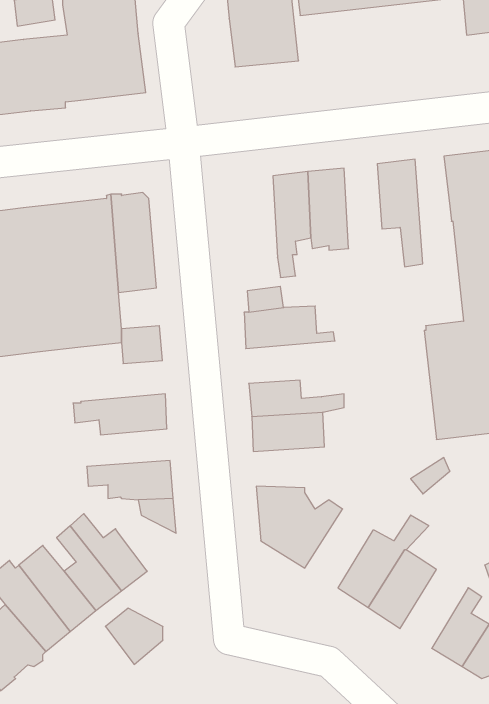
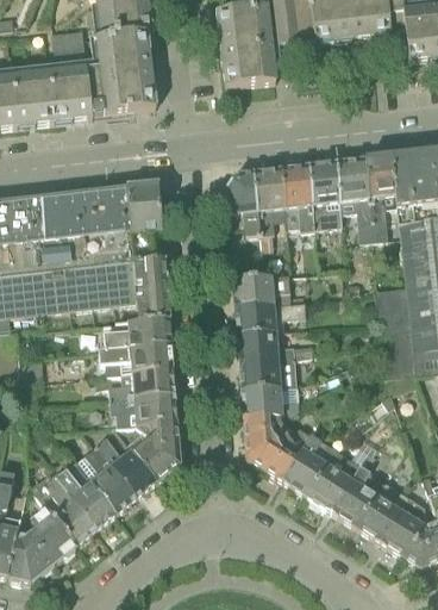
building: none -> [367,154,394,238]
building: none -> [311,160,342,226]
building: none -> [225,169,258,235]
building: none -> [133,257,165,290]
building: none -> [233,299,305,332]
building: none -> [102,315,170,347]
building: none -> [107,368,174,398]
building: none -> [239,382,298,415]
building: none -> [280,431,333,493]
building: none -> [355,478,408,541]
building: [105,608,163,664] -> [133,436,179,480]

